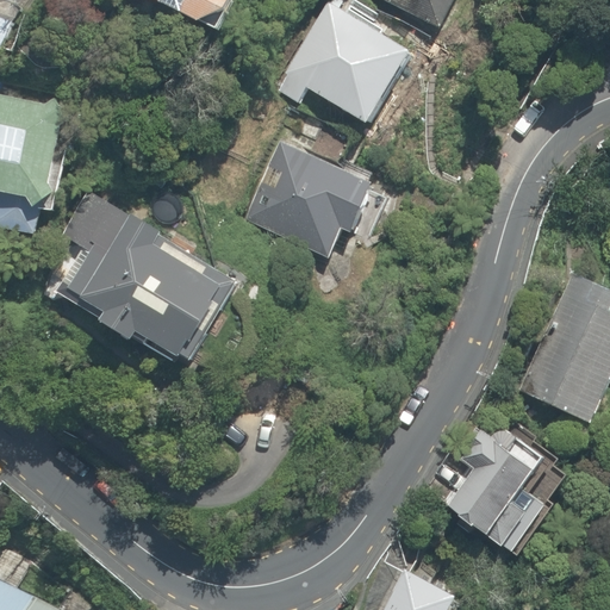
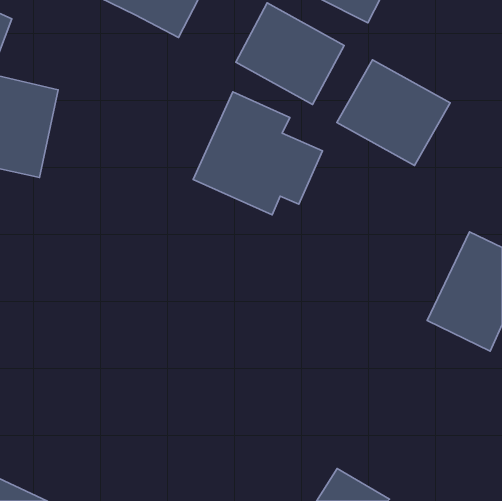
building: none -> [337,60,450,165]
building: [56,195,231,363] -> none
building: [430,425,565,558] -> none

